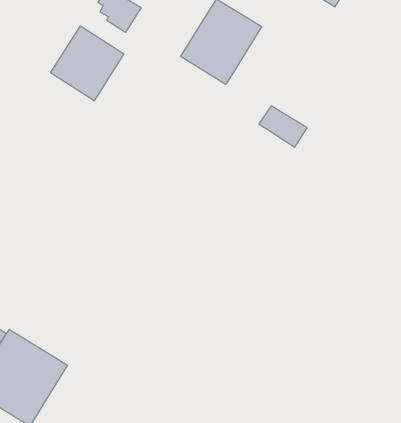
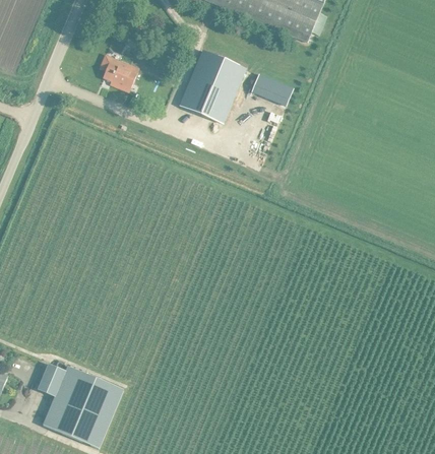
building: [51,26,124,101] -> none
building: [259,106,307,147] -> [251,73,294,106]

